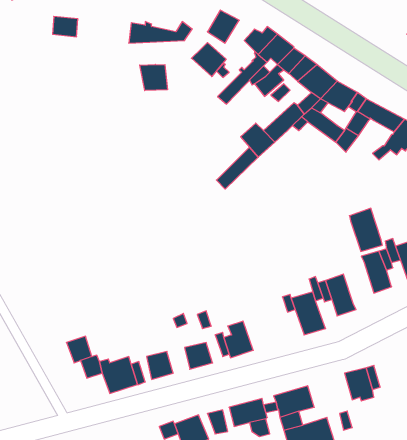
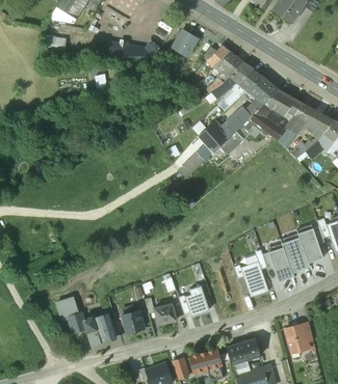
building: [191,43,226,77] -> none
building: [140,64,167,91] -> none
building: [349,208,382,251] -> [283,237,310,272]

